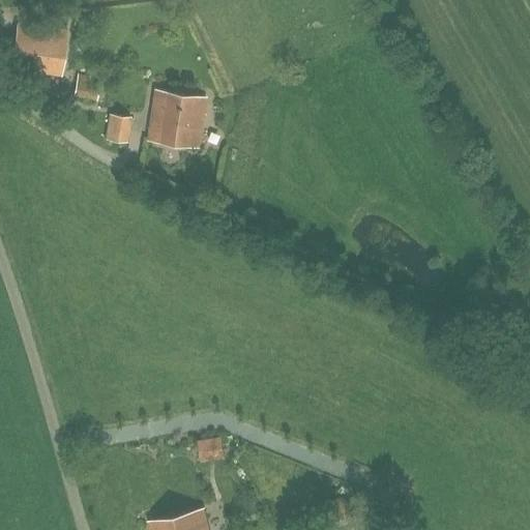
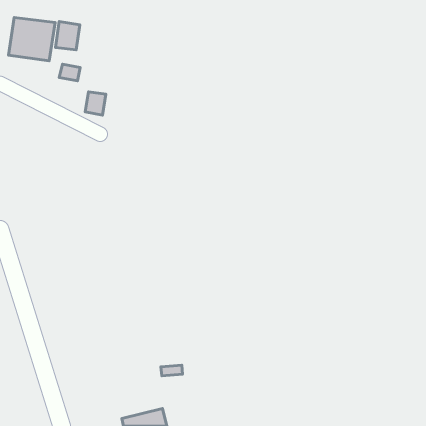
building: none -> [55,22,80,50]
building: [148,90,205,147] -> none

